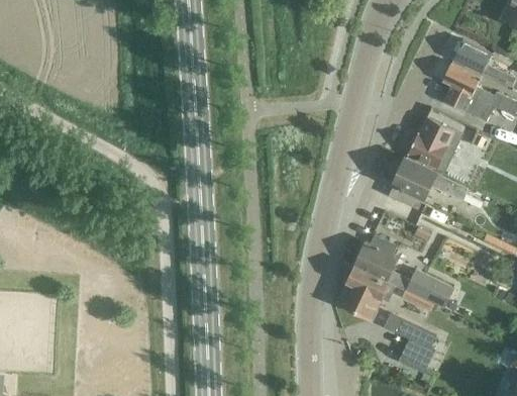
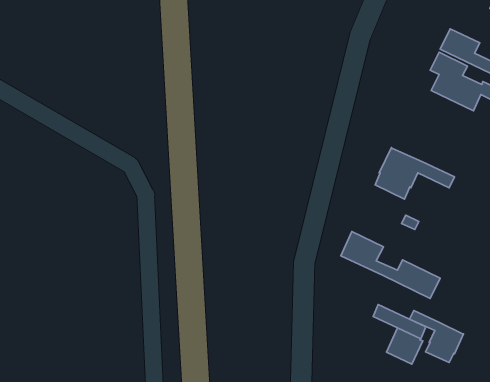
building: [406,116,462,172] -> none
building: [339,266,396,319] -> none
building: none -> [410,310,464,362]

